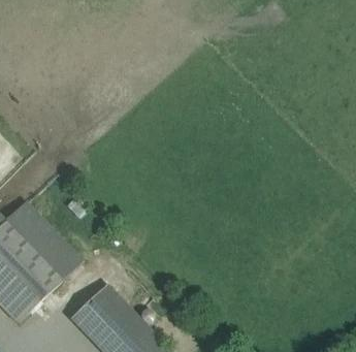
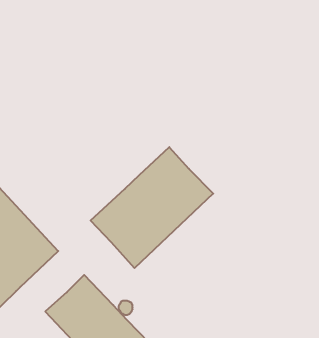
building: none -> [91,147,213,268]

